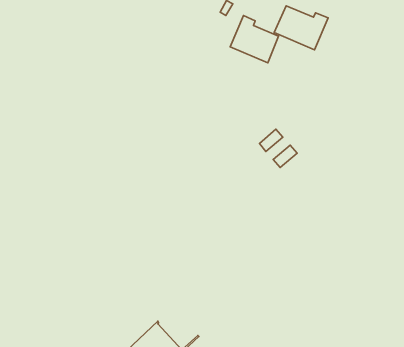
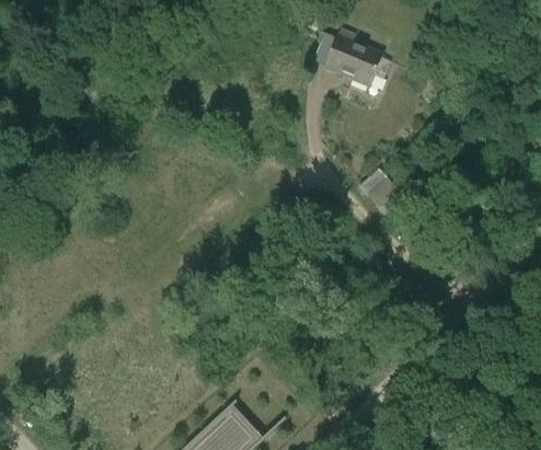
building: [274,6,328,50] -> none

